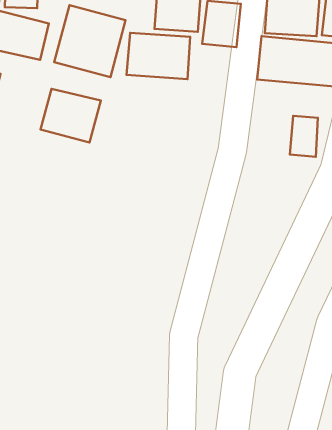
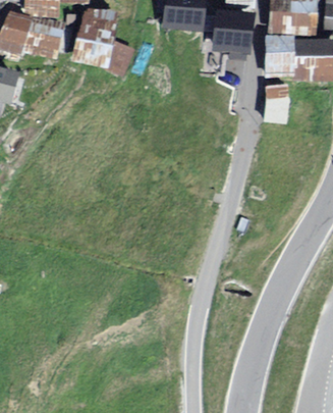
building: [126,33,190,79] -> none
building: [40,89,101,142] -> none
building: [290,116,318,157] -> [263,85,289,123]

